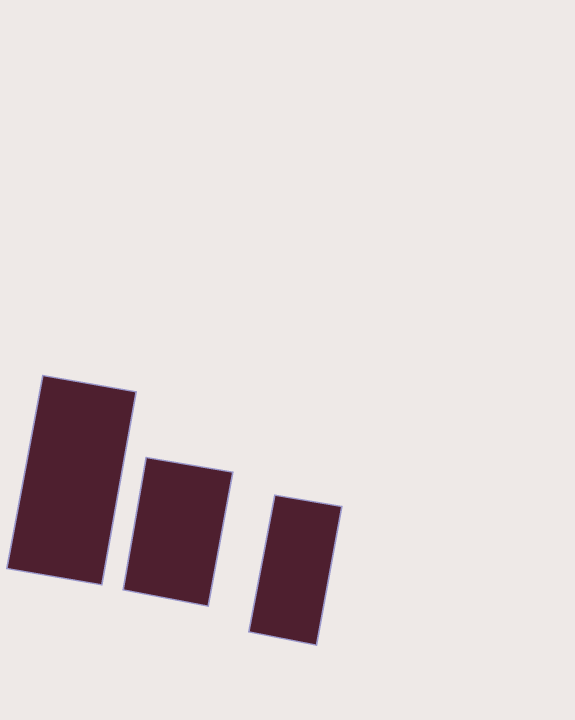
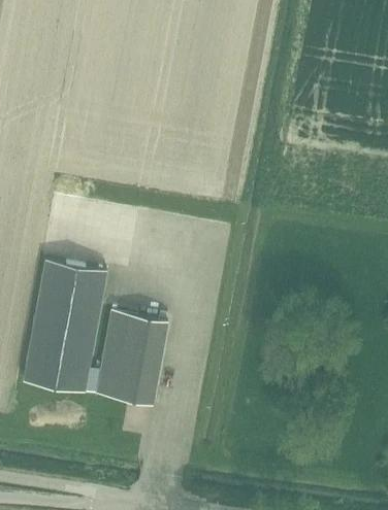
building: [249,495,342,645] -> none

